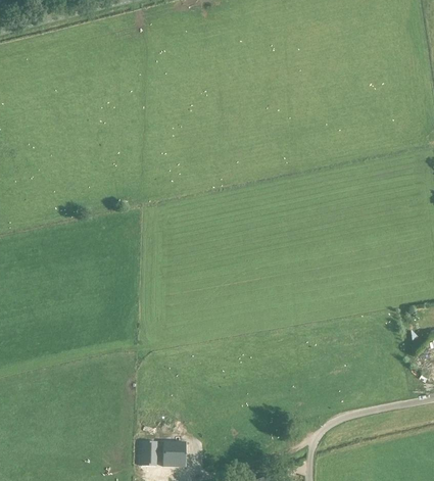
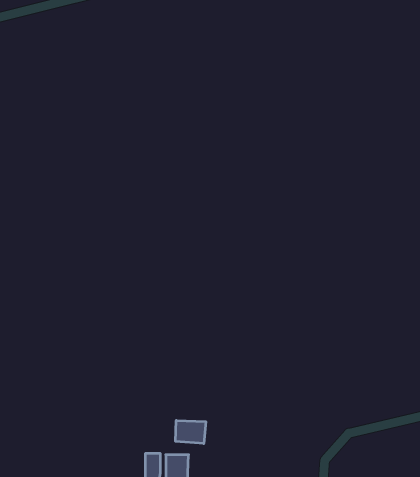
building: none -> [176,420,206,444]

